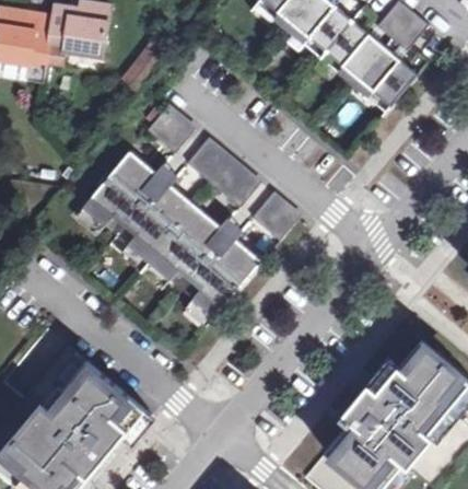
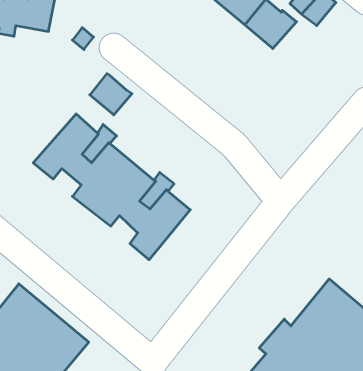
building: [356,47,416,106] -> none
building: [187,139,260,208] -> none
building: [253,193,301,241] -> none

